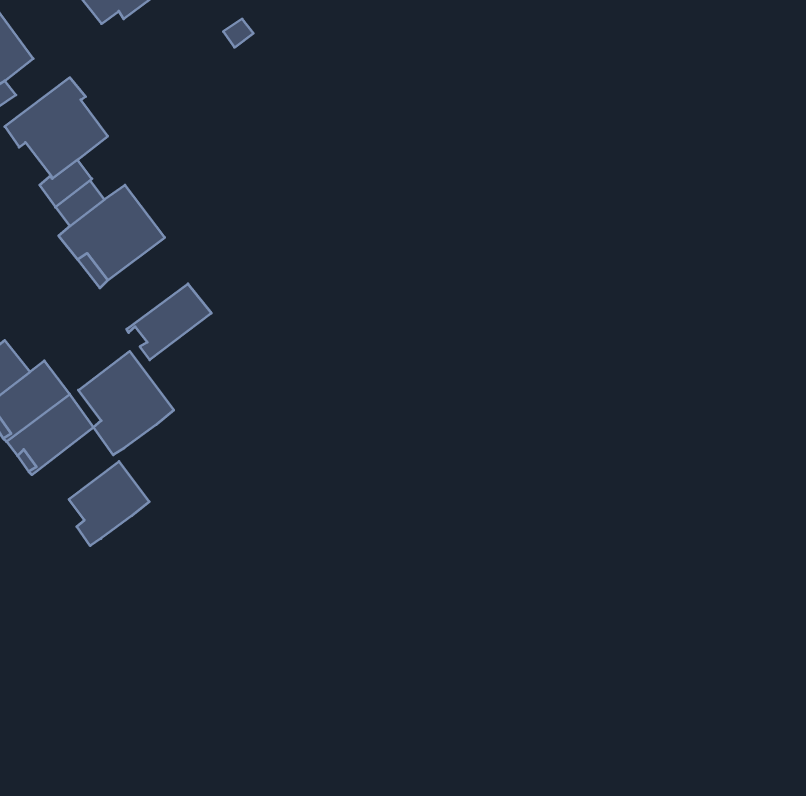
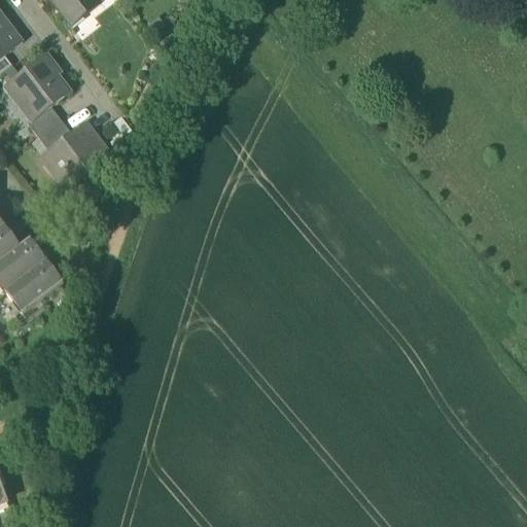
building: [127,284,211,360] -> none
building: [78,351,174,455] -> none
building: [69,461,149,546] -> none

